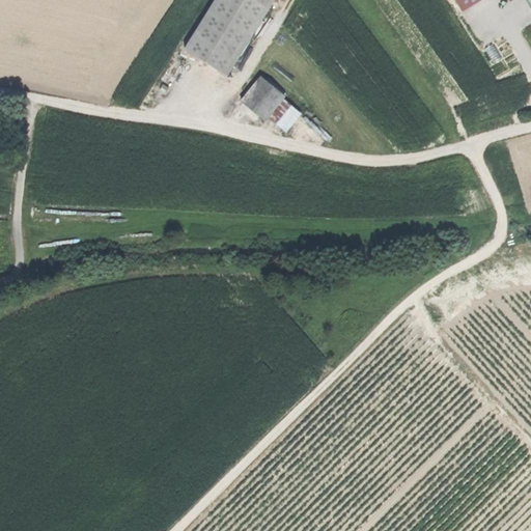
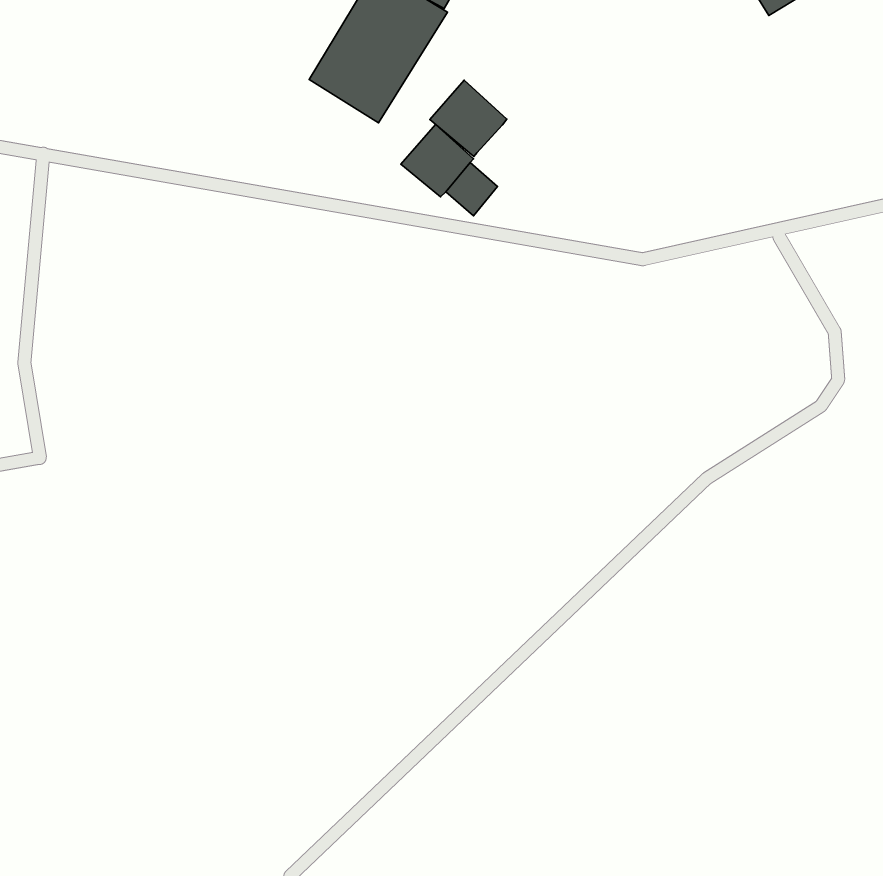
building: none -> [430,80,507,157]

